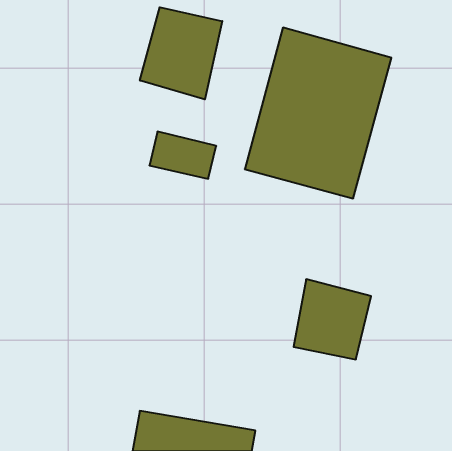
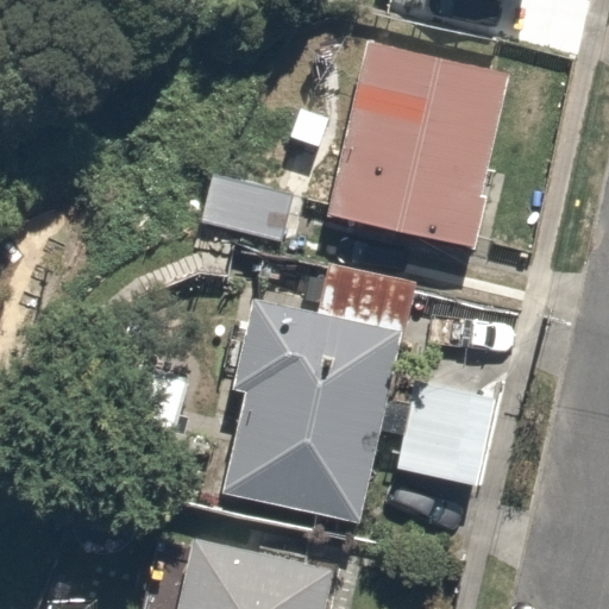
building: [140,7,222,99] -> none
building: none -> [221,307,398,523]

